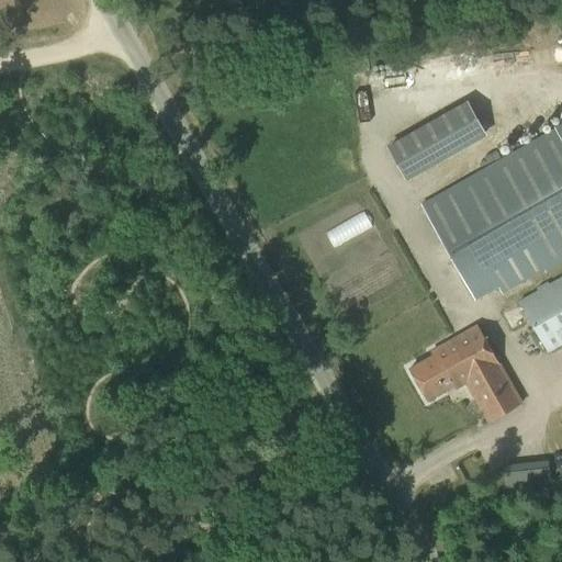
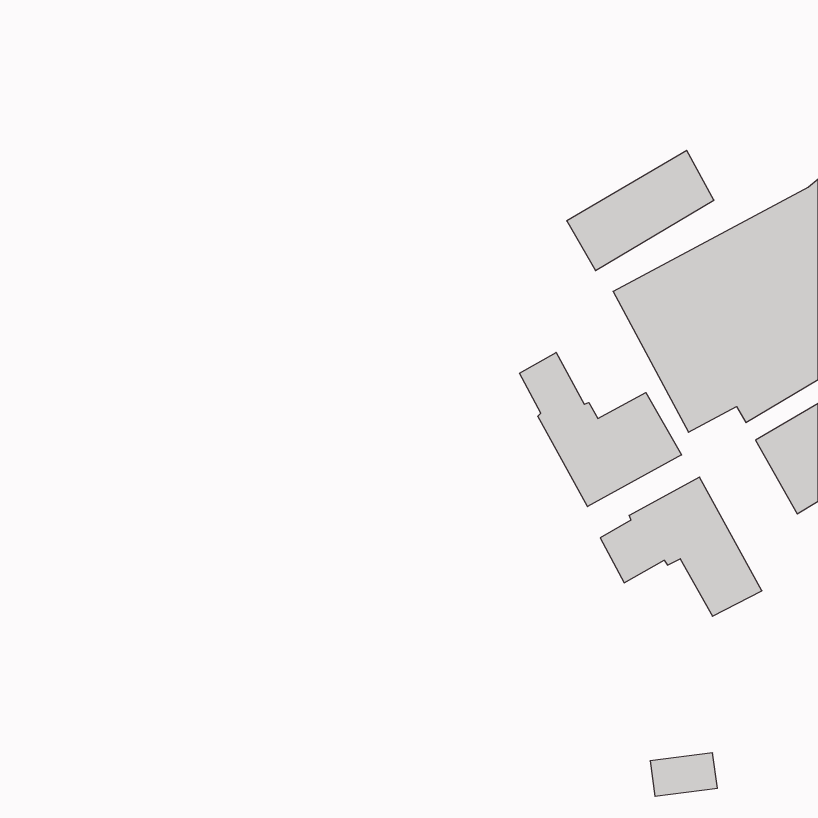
building: none -> [520,352,682,507]
building: [504,461,550,491] -> [650,753,717,796]

